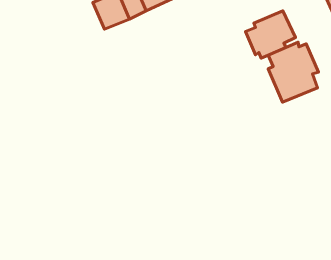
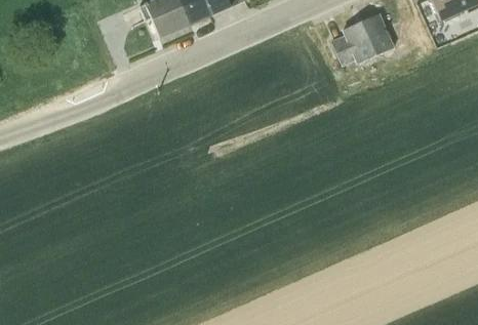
building: [268,42,319,102] -> none

